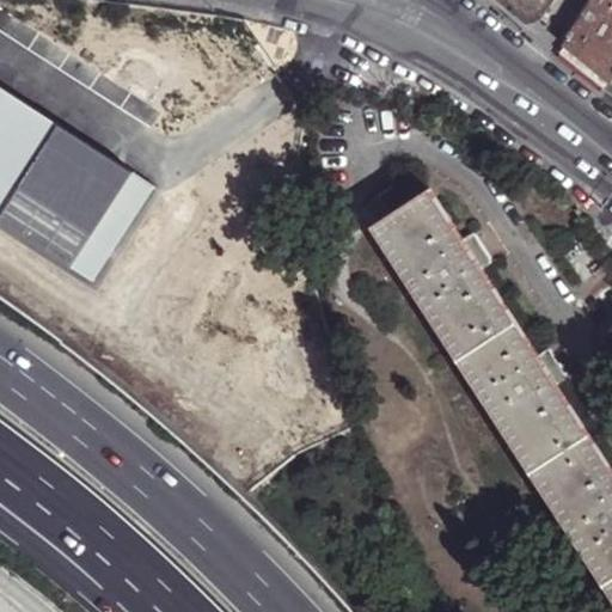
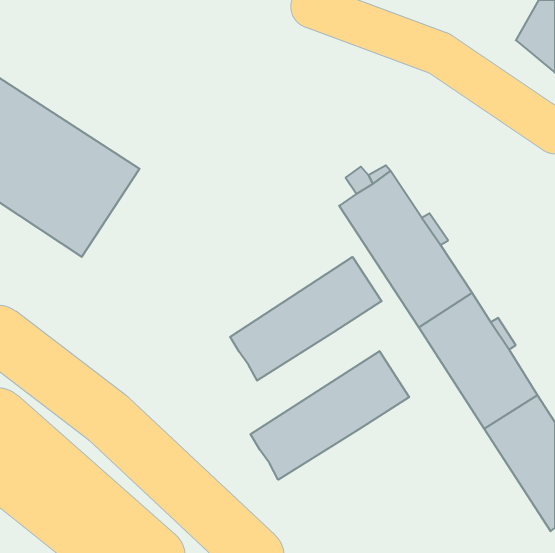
building: none -> [230,257,382,381]
building: none -> [250,351,409,480]

